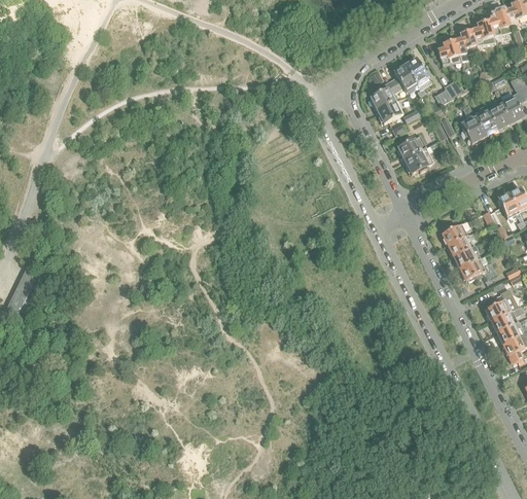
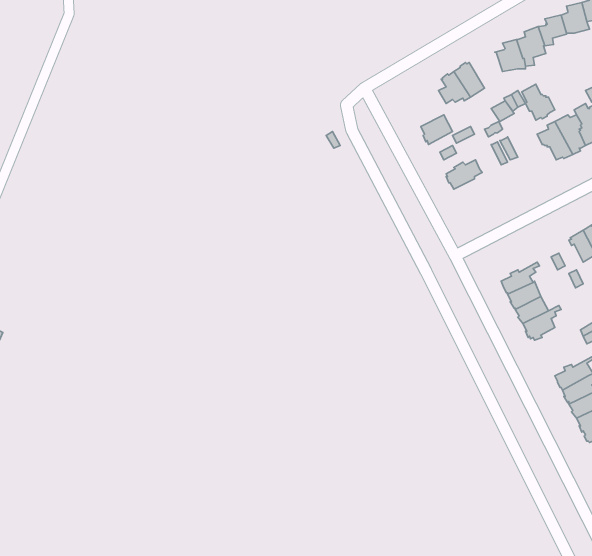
building: [371,79,398,108] -> none
building: [460,114,487,143] -> [522,84,555,120]
building: [405,141,438,173] -> none

